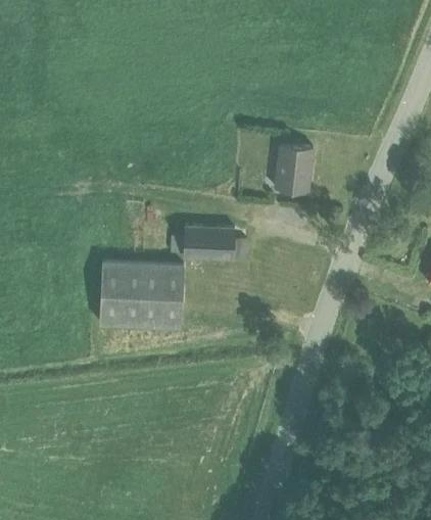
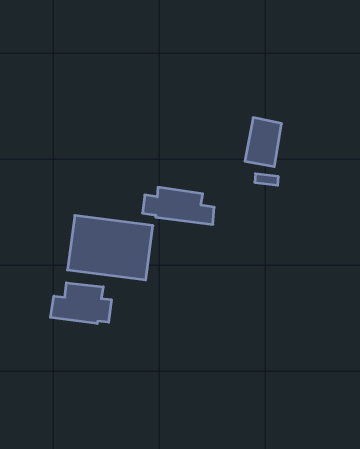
building: none -> [50,283,111,324]

